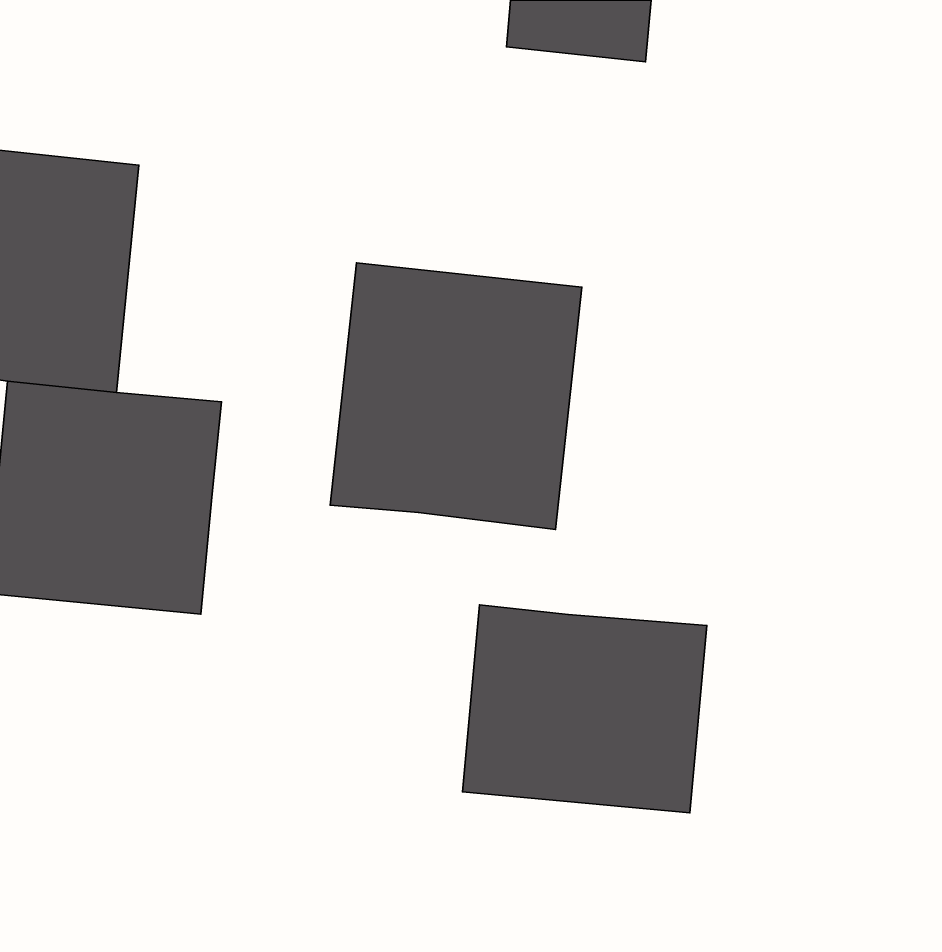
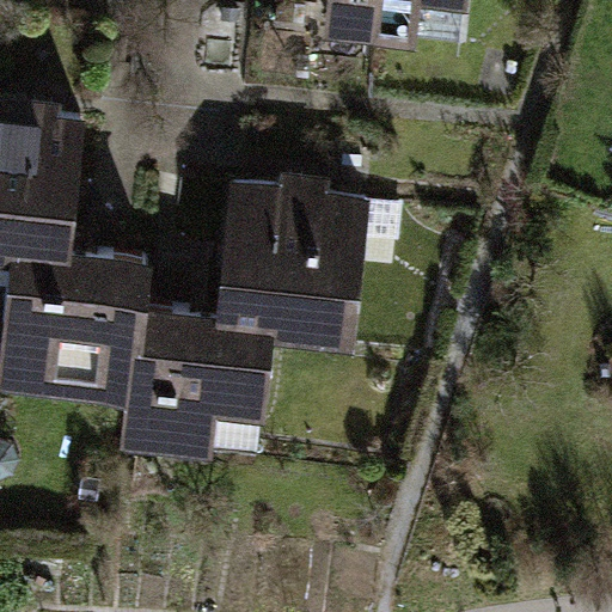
building: none -> [123,319,267,466]
building: [463,605,707,813] -> none

